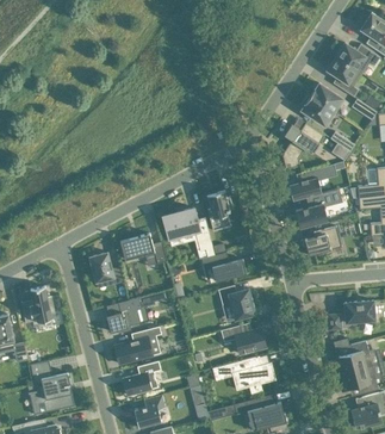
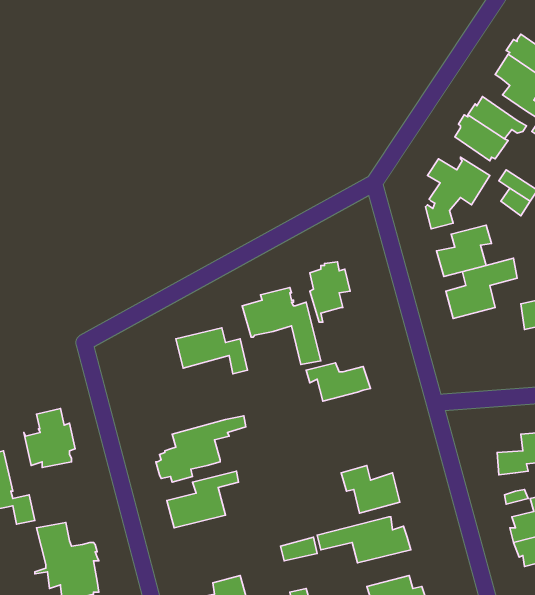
building: [304,227,340,255] -> none
building: [89,252,124,284] -> none
building: [218,285,255,318] -> none
building: [123,361,161,395] -> none

